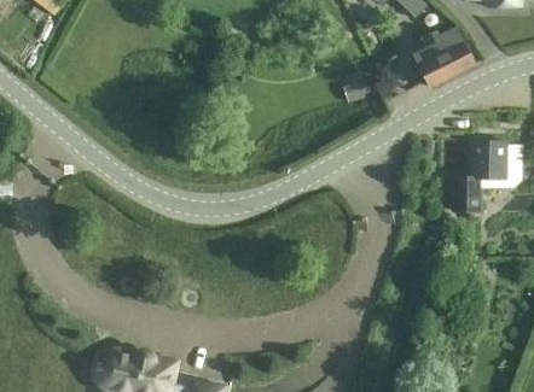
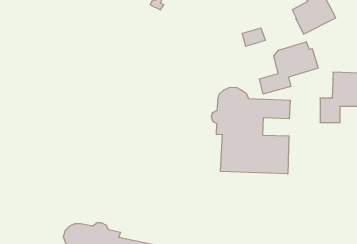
building: none -> [259,42,318,94]
building: none -> [211,87,290,174]

